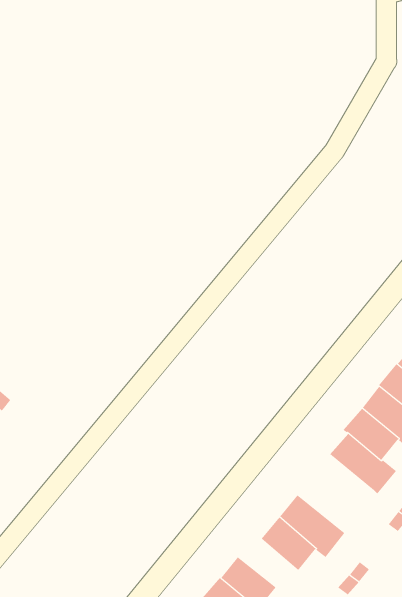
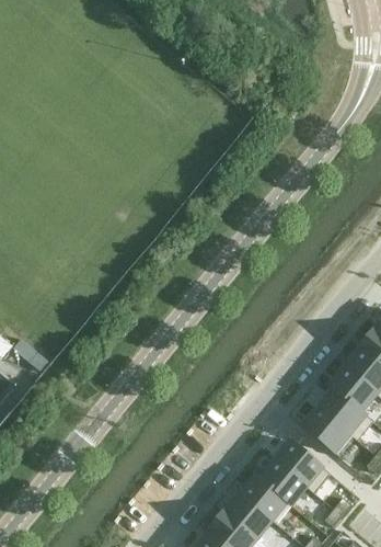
building: none -> [300,406,353,455]
building: none -> [238,474,289,522]

